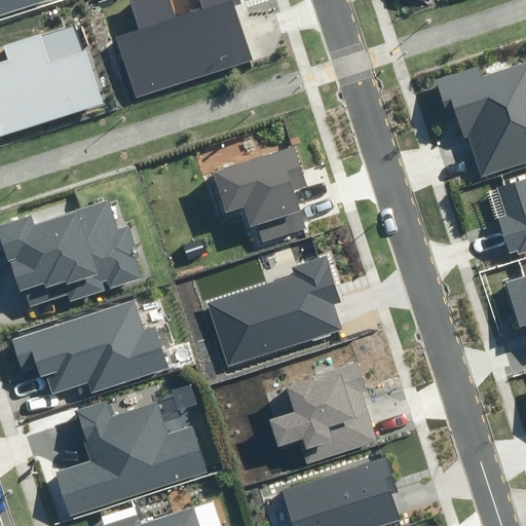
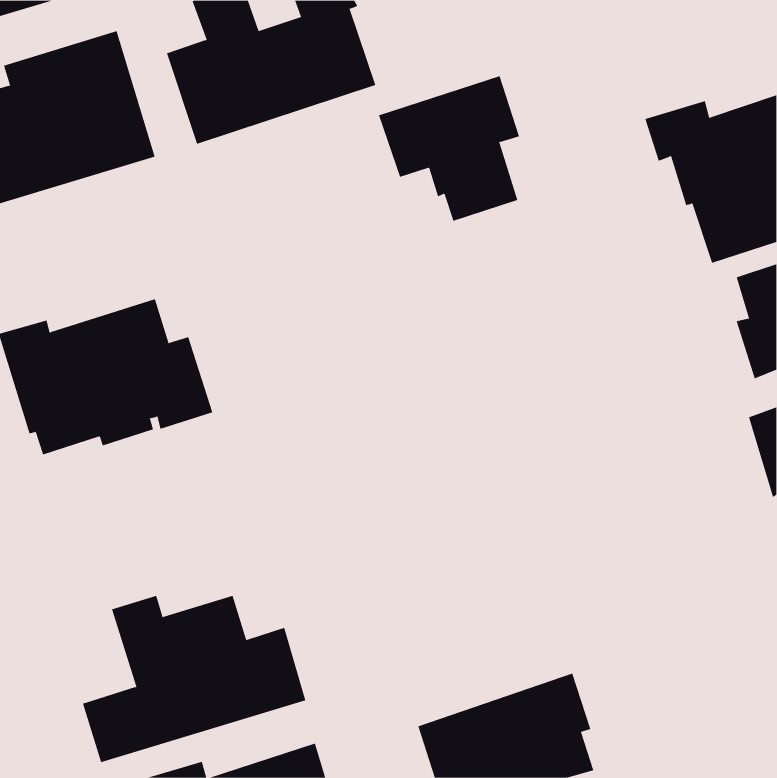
building: [211,145,306,243] -> [378,75,520,222]
building: [206,257,342,368] -> none
building: [10,300,170,394] -> none
building: [267,363,376,465] -> none

